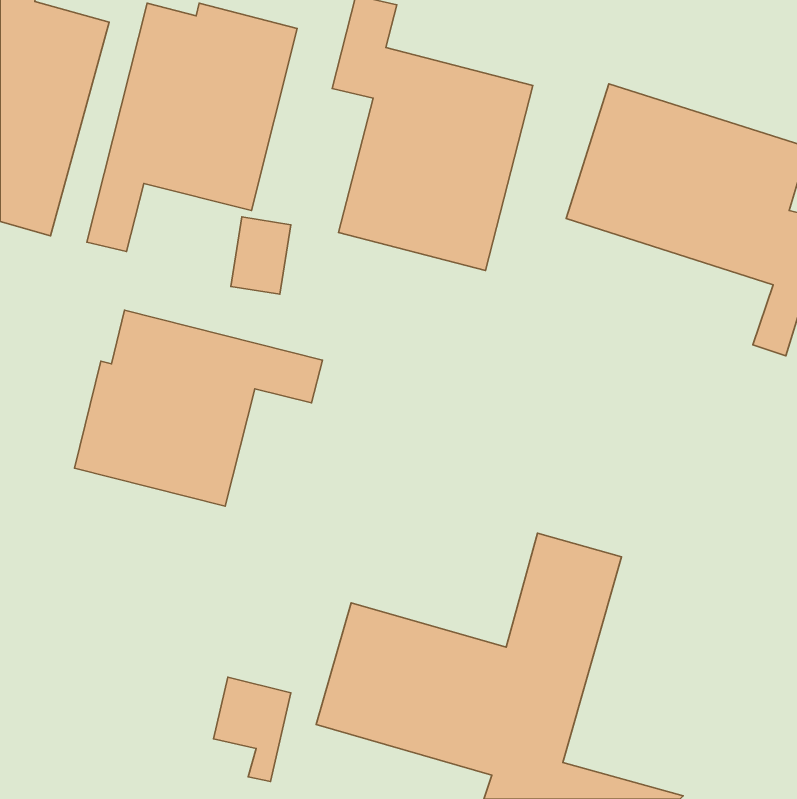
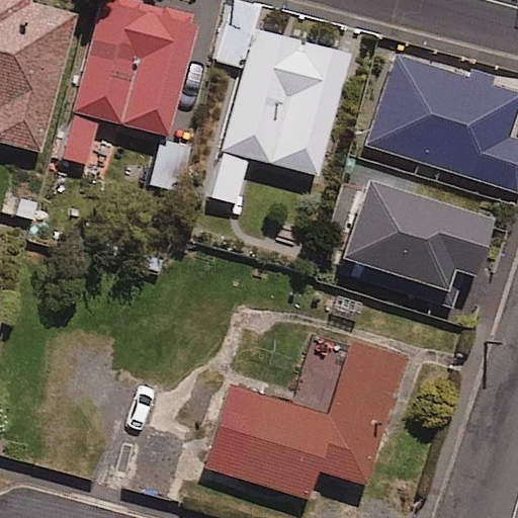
building: none -> [340,184,488,294]
building: [74,310,323,506] -> none

